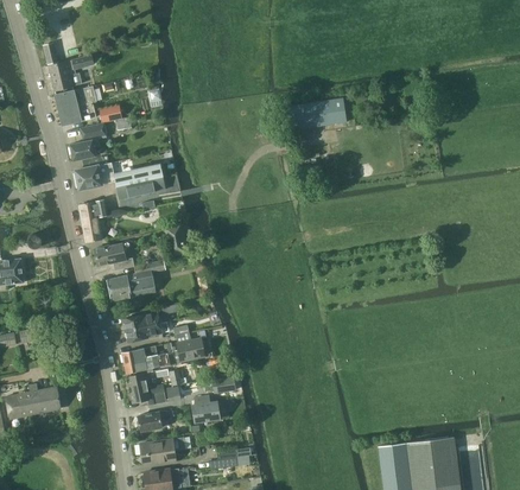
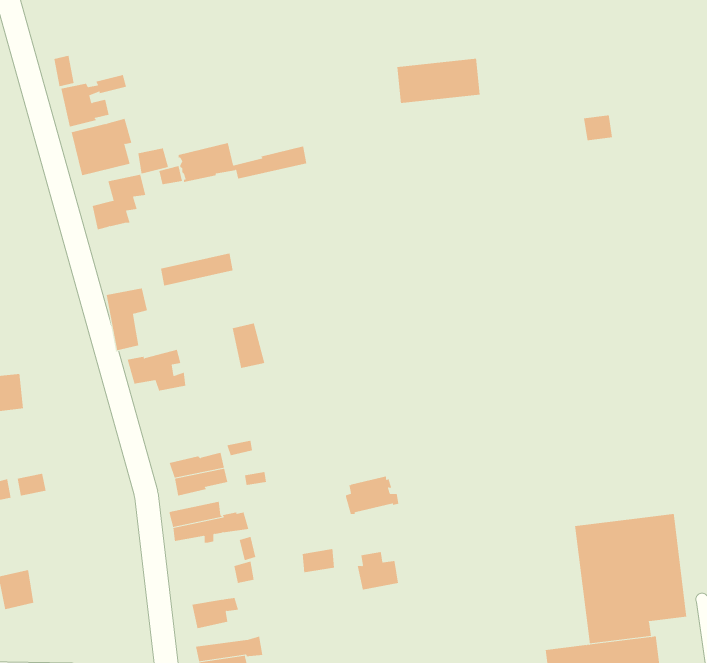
building: [291,96,348,127] -> [397,58,480,104]
building: [76,163,164,190] -> [178,142,307,183]
building: [107,261,164,301] -> none
building: [173,338,210,364] -> [345,476,399,514]
building: none -> [575,513,687,644]
building: [126,374,166,406] -> none
building: [27,383,61,414] -> none
building: [191,395,220,421] -> [357,552,399,590]

